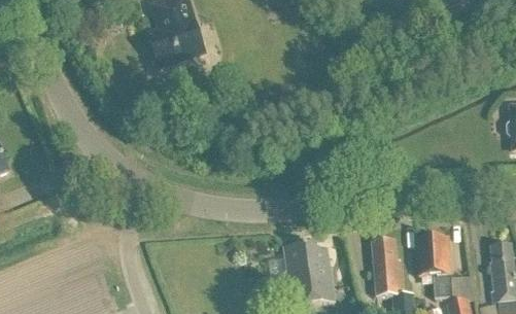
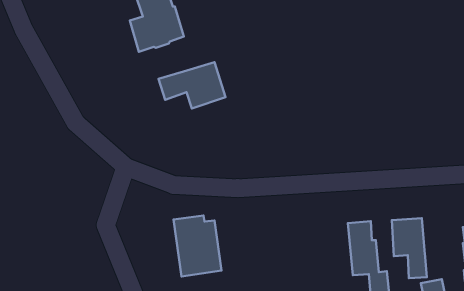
building: none -> [158,62,225,108]
building: [285,242,335,305] -> [173,215,221,277]

